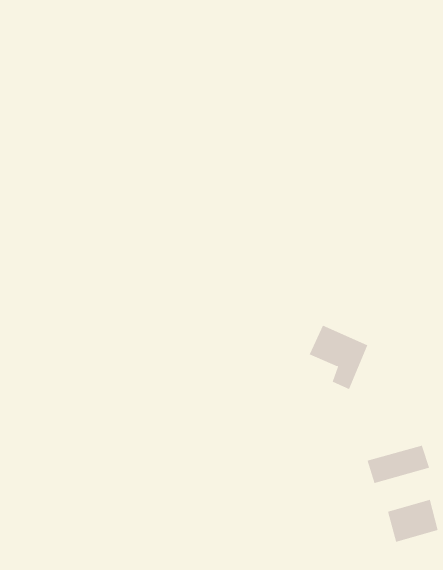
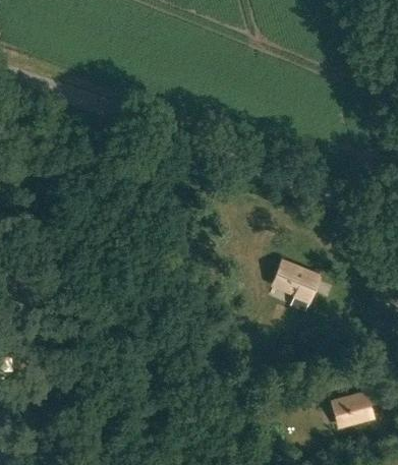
building: [367,445,430,484] -> none

